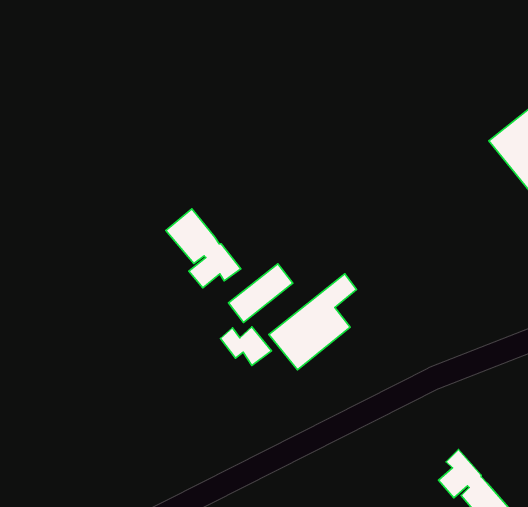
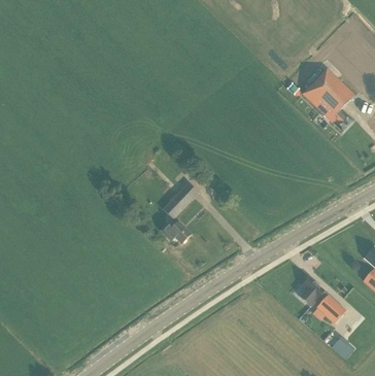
building: [166,209,241,288] -> none
building: [269,274,357,370] -> none

